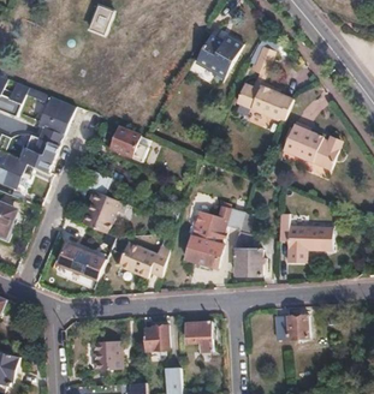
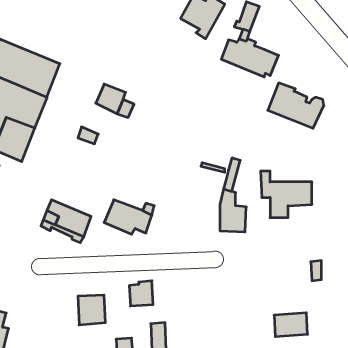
building: [82,190,124,233] -> none
building: [184,211,224,268] -> none
building: [274,315,308,339] -> [274,313,308,337]
building: [185,321,210,351] -> none

